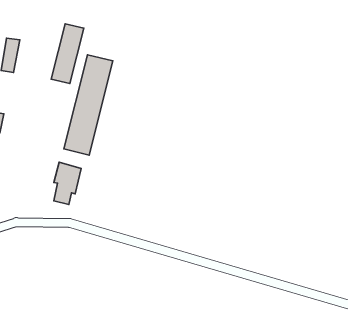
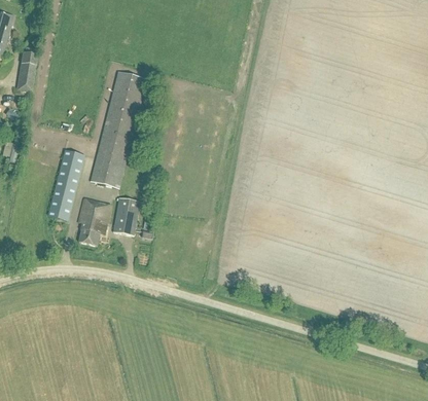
building: [51,24,84,84] -> [47,149,85,219]
building: none -> [112,196,140,235]

